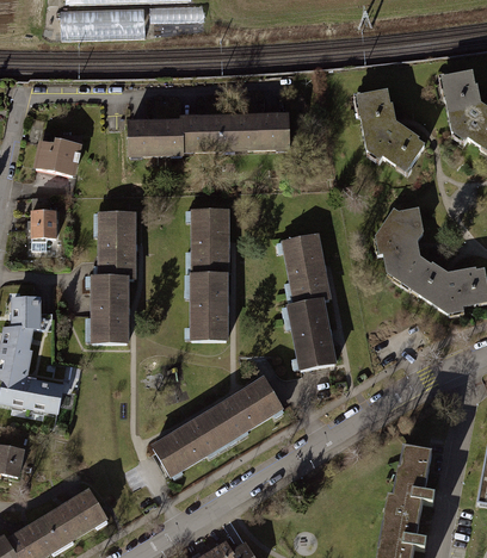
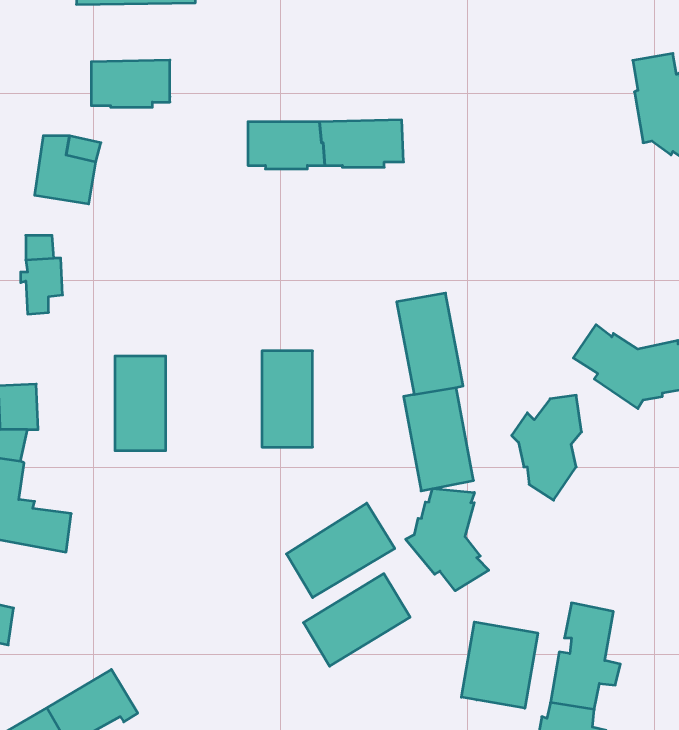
building: [359,91,424,168] -> none
building: [128,123,181,155] -> [91,60,170,107]
building: [375,207,423,279] -> [512,395,582,500]
building: [191,210,226,274] -> none
building: [99,212,132,278] -> none
building: none -> [406,489,489,591]
building: [153,413,226,476] -> [303,574,410,666]
building: none -> [461,622,538,708]

